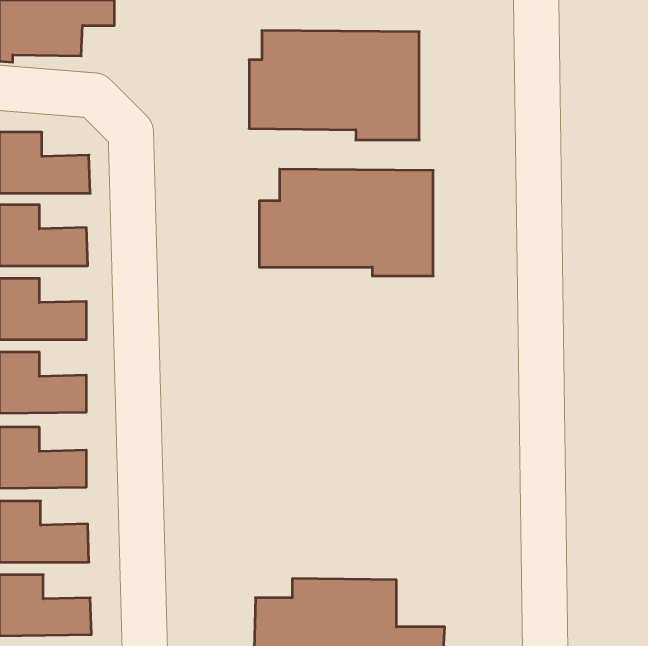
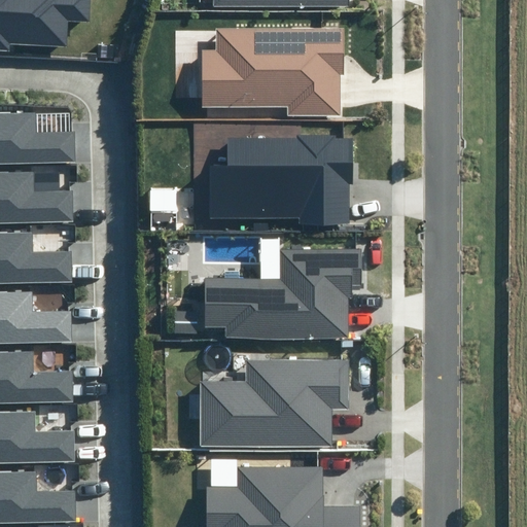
building: none -> [203,251,359,342]
building: none -> [198,360,349,448]

